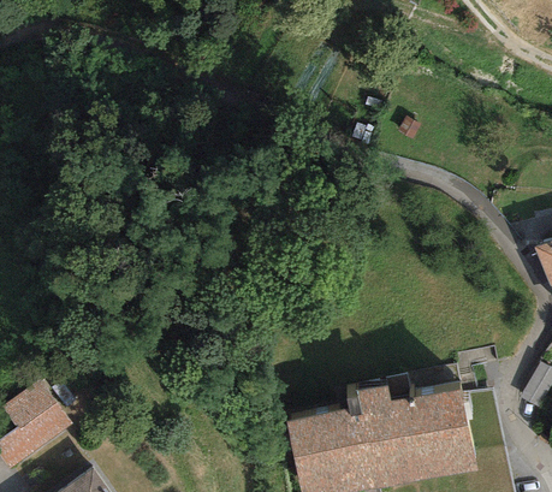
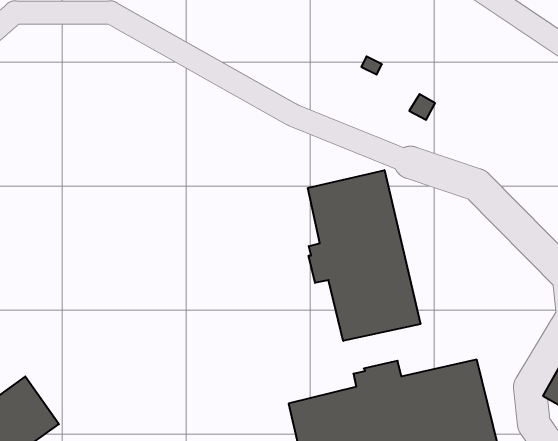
building: none -> [308,170,420,341]

